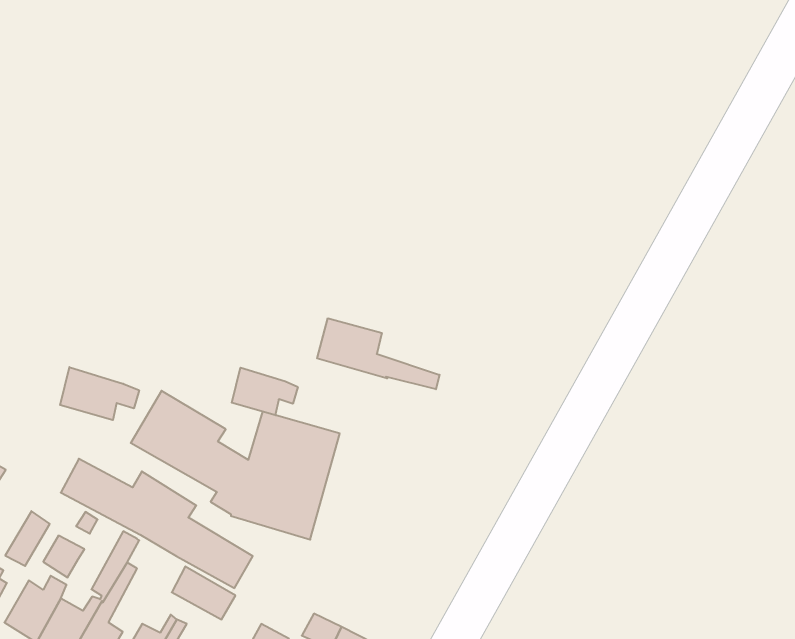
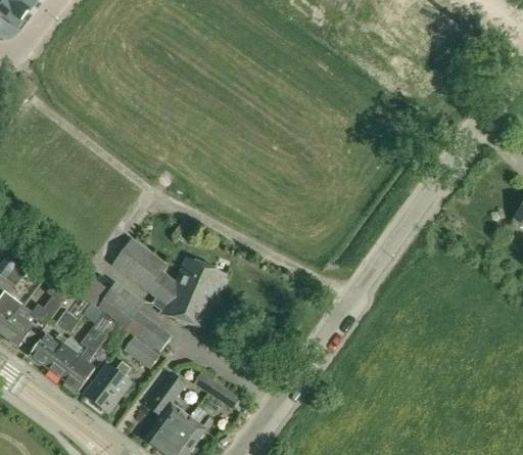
building: [317,318,440,389] -> none
building: [60,367,139,420] -> none
building: [232,368,298,415] -> none

